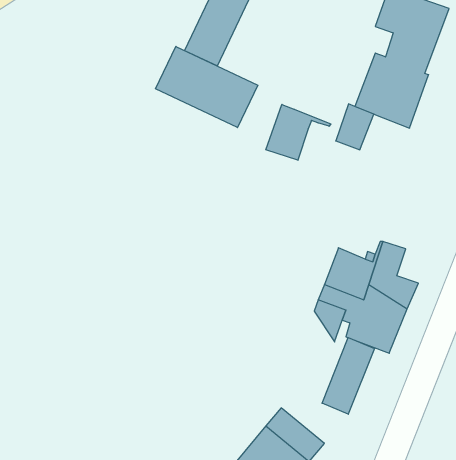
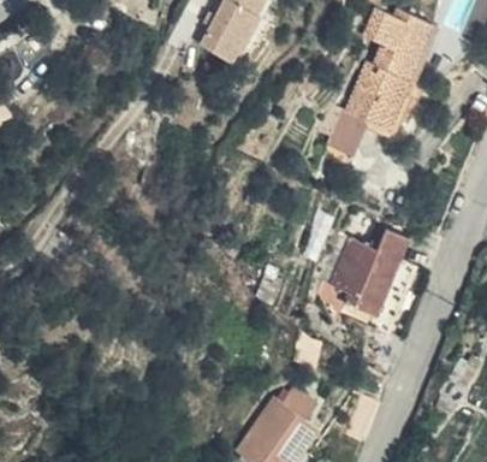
building: [155,46,258,128] -> none
building: [266,104,331,160] -> none
building: [322,338,375,414] -> none

